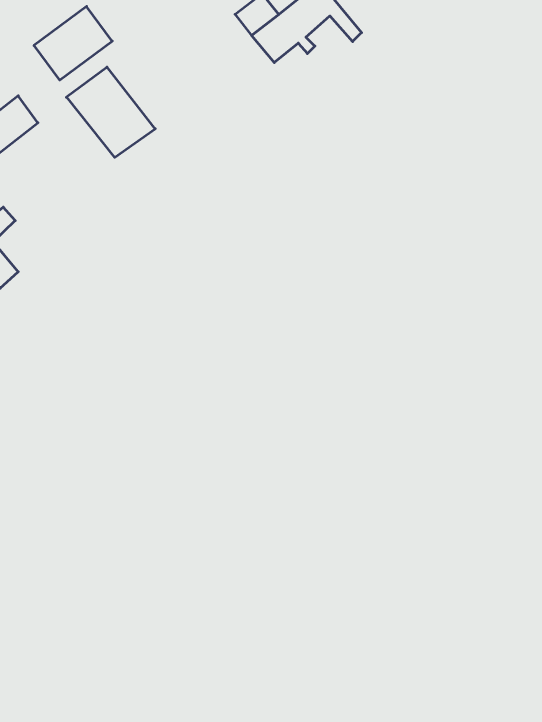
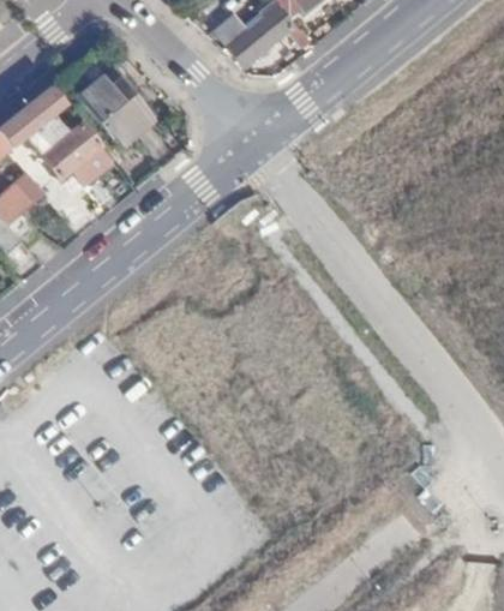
building: [34,6,112,80] -> [42,125,104,184]

